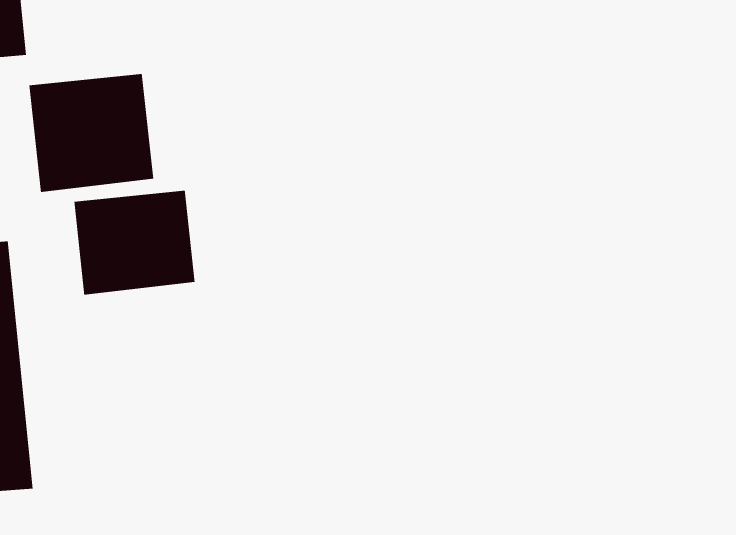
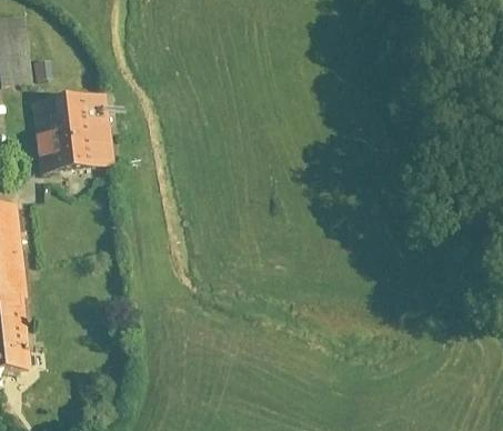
building: [74,190,195,295] -> none

